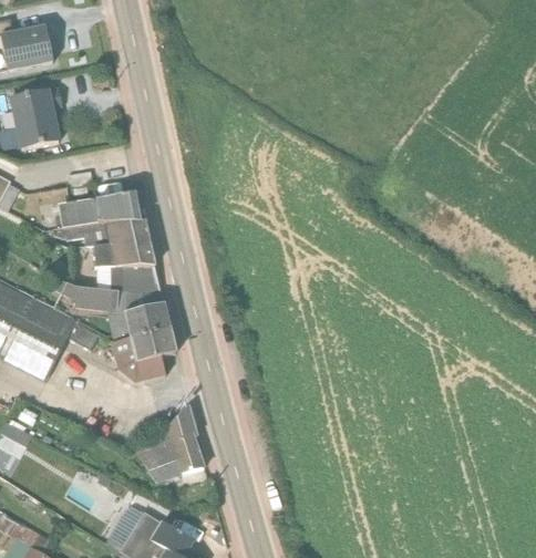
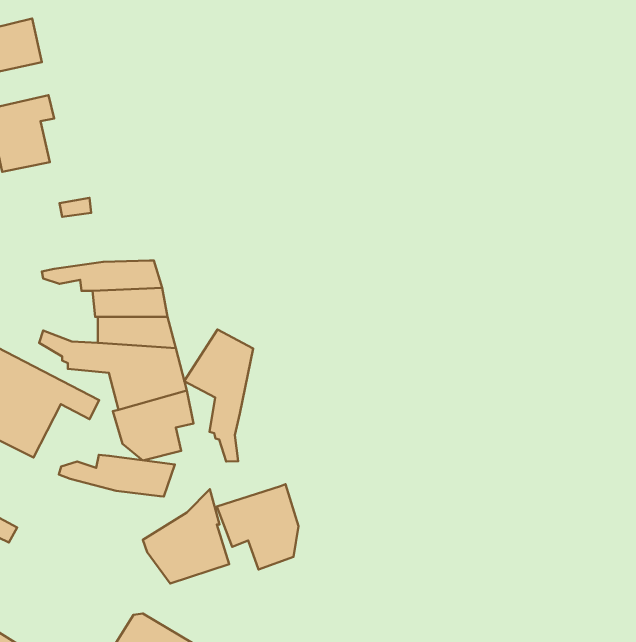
building: [58,192,140,226] -> none
building: none -> [184,330,253,462]
building: none -> [59,455,175,497]
building: none -> [217,484,299,570]

